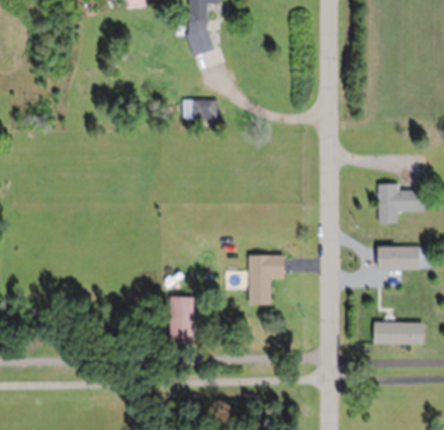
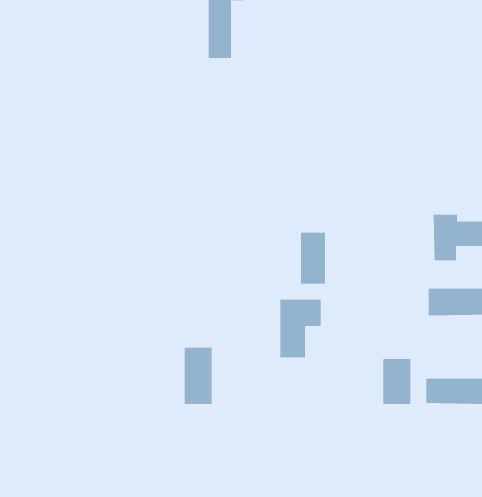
building: [188,100,218,118] -> none
building: none -> [300,232,325,285]
building: none -> [383,358,411,405]

